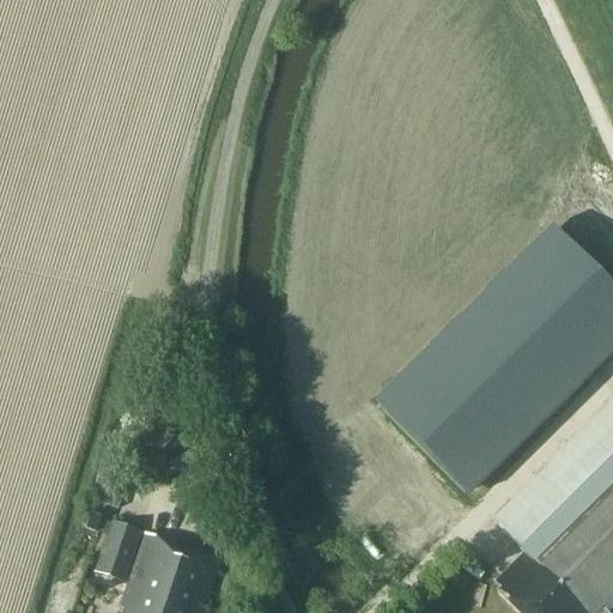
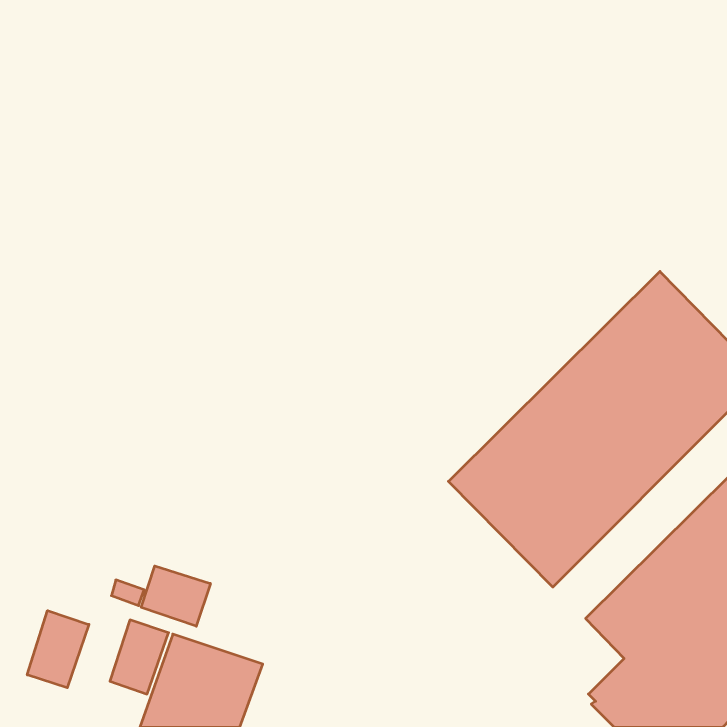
building: none -> [141,566,210,626]
building: none -> [27,611,89,688]

